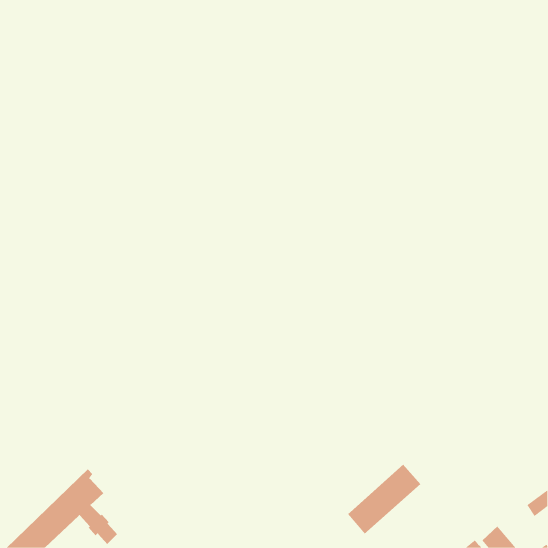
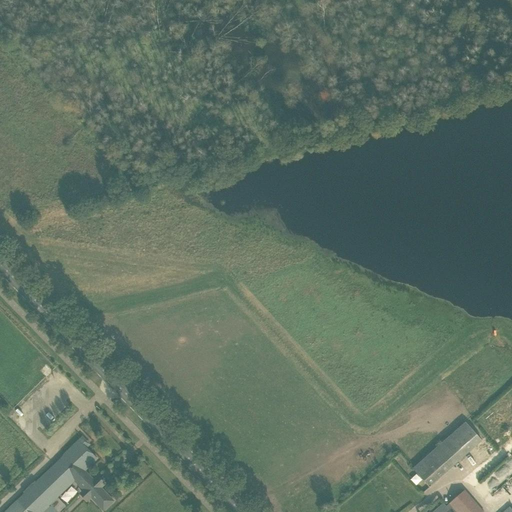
building: [347,464,421,535] -> [413,422,482,488]

